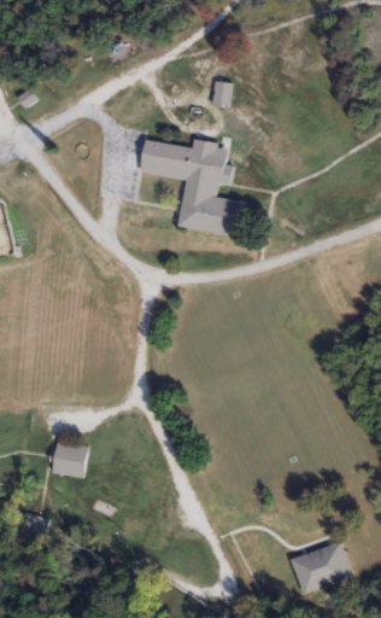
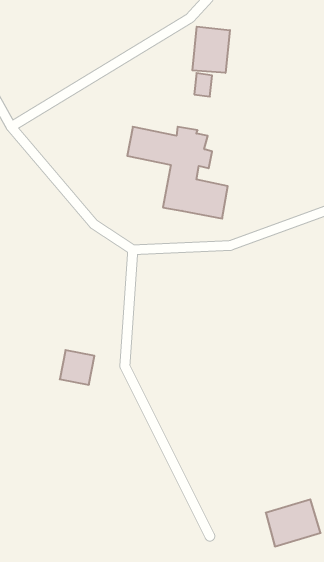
building: none -> [192,27,230,73]
building: [48,439,86,477] -> [60,350,94,385]

